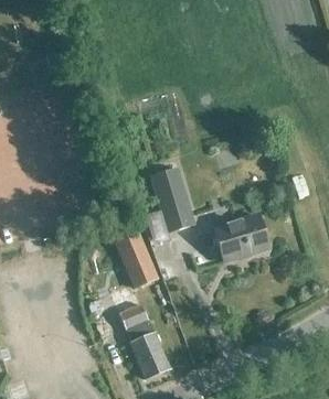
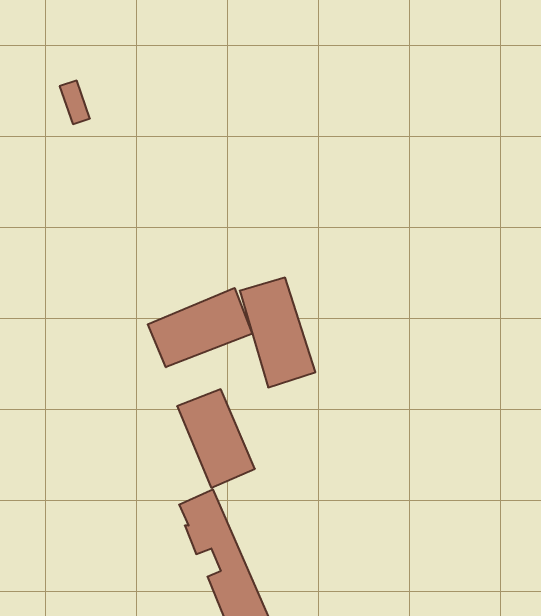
building: none -> [148,288,252,367]
building: [213,217,267,263] -> none

